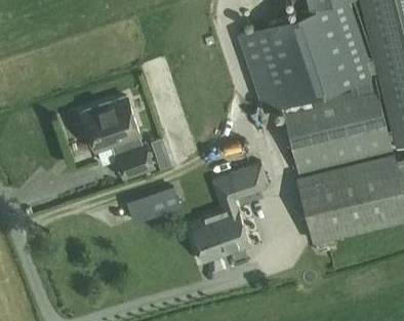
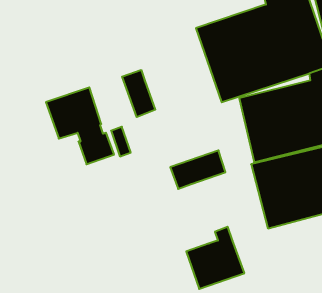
building: none -> [122,70,155,117]
building: [125,190,178,225] -> none
building: [190,199,250,264] -> [186,227,244,289]

